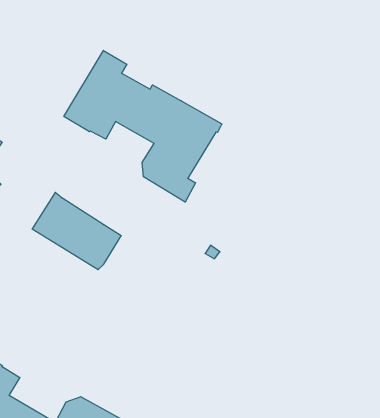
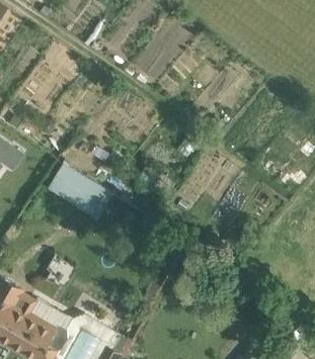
building: [64,50,222,202] -> none

